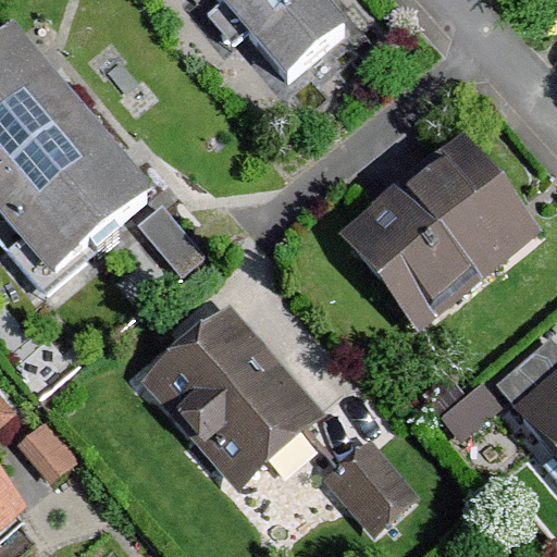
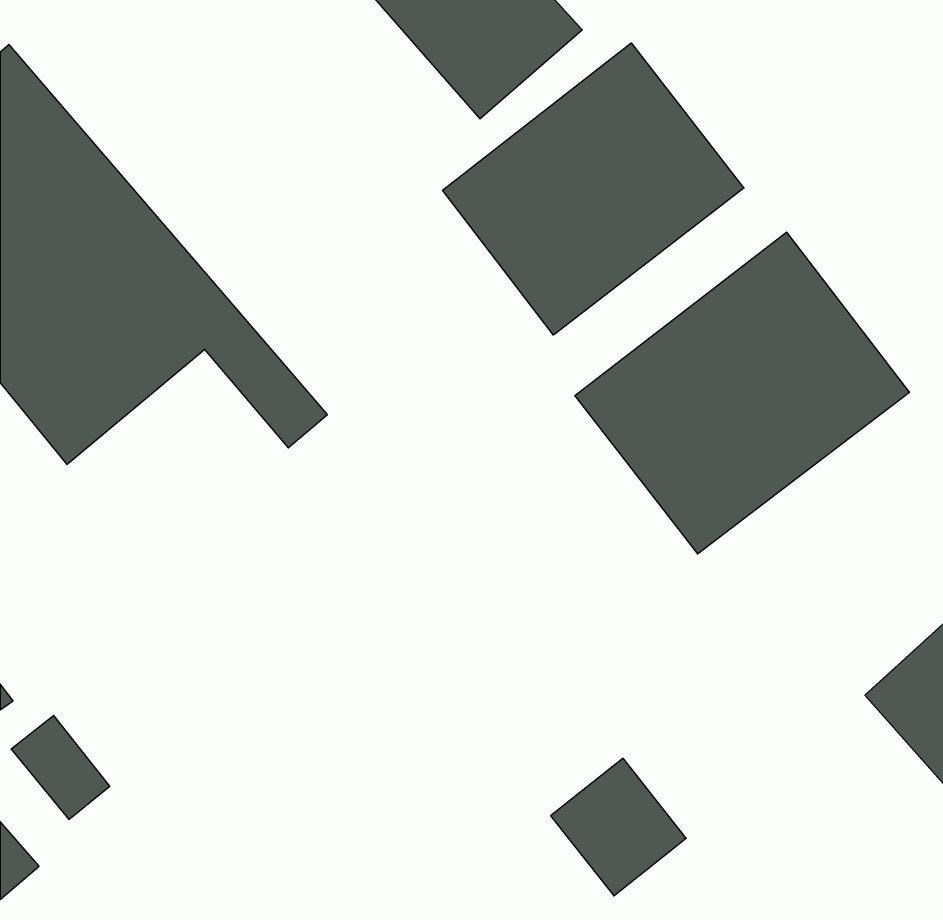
building: none -> [442,43,744,335]
building: [138,299,323,486] -> none

